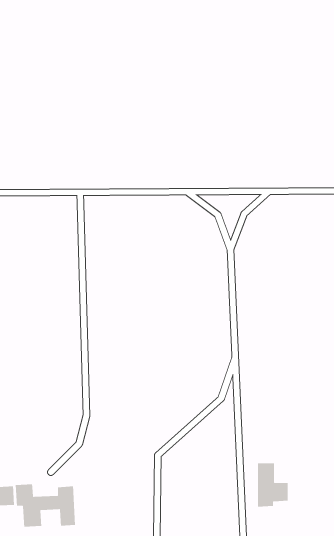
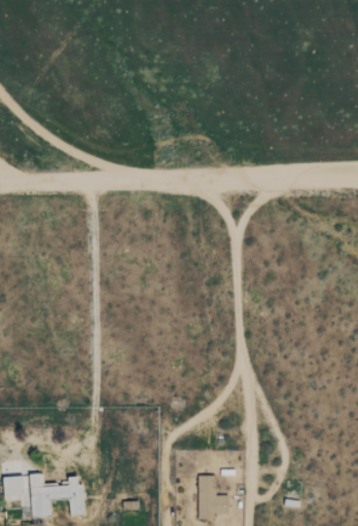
building: [257,462,289,507] -> [199,475,229,519]

